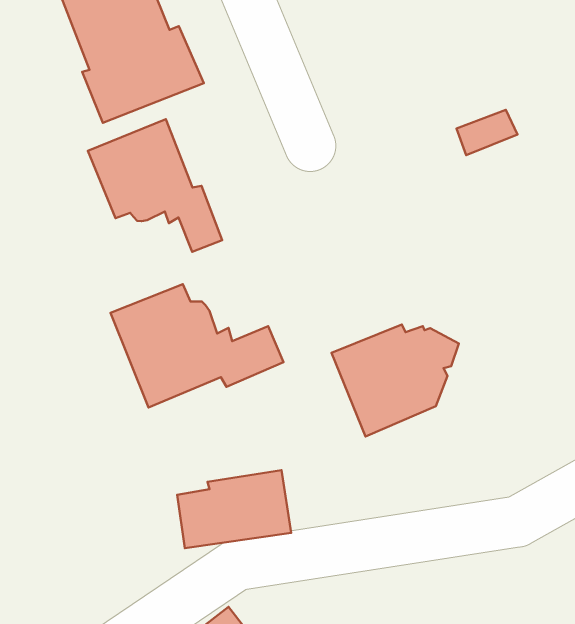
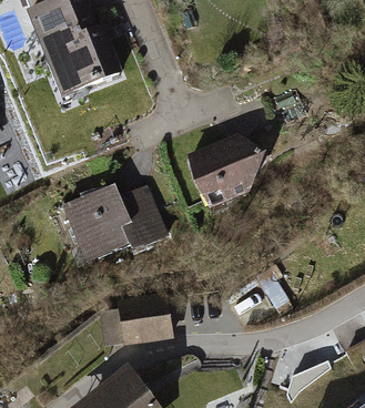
building: [88,119,222,252] -> none
building: [331,324,459,436] -> [190,141,264,206]

